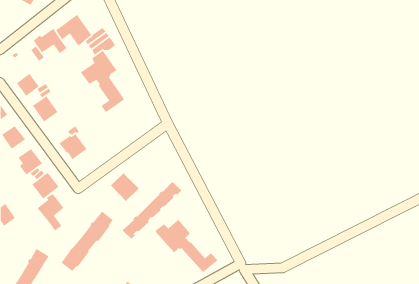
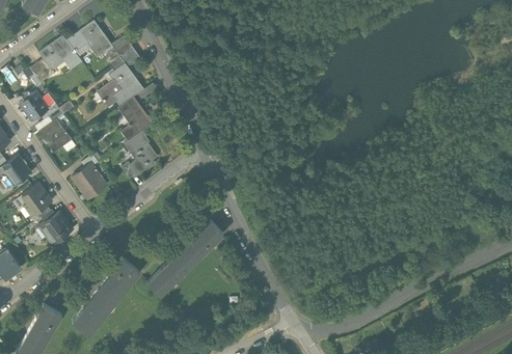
building: none -> [125,132,157,176]
building: [110,172,140,202] -> none
building: [37,193,68,232] -> none
building: [154,219,218,273] -> none

